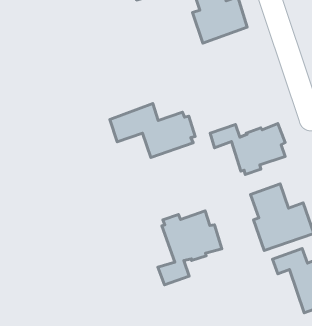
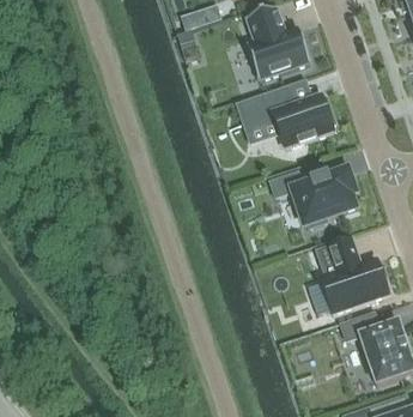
building: [110,104,195,158] -> [238,84,335,145]
building: [158,211,222,285] -> none

